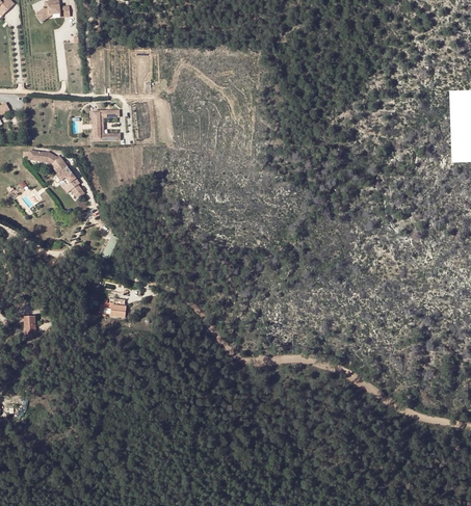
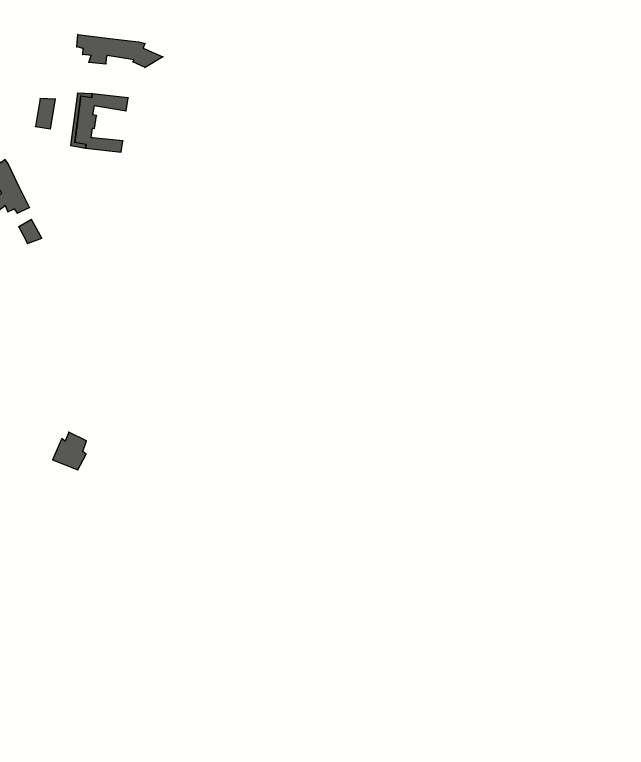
building: none -> [77,34,163,68]

